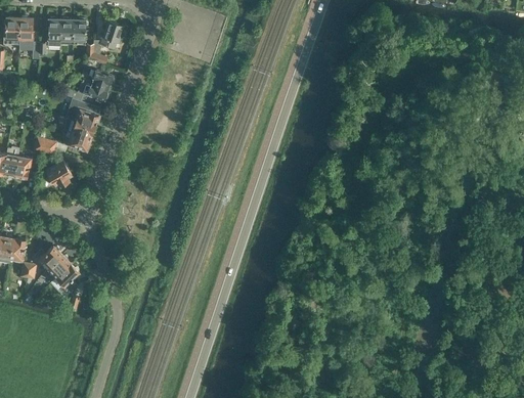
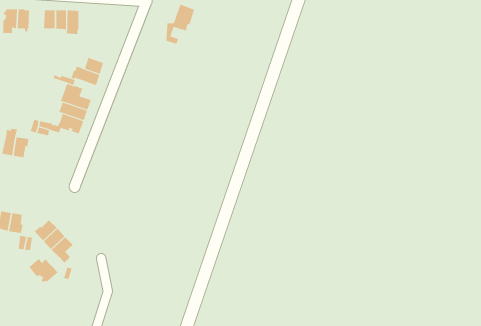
building: [92,20,124,64] -> [166,4,195,45]
building: [45,161,71,187] -> none
building: none -> [28,258,58,283]

